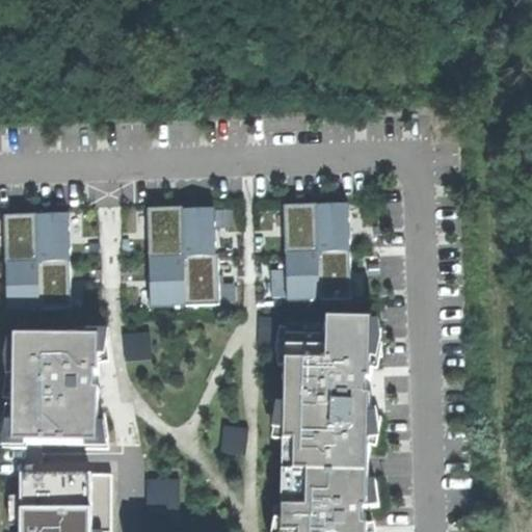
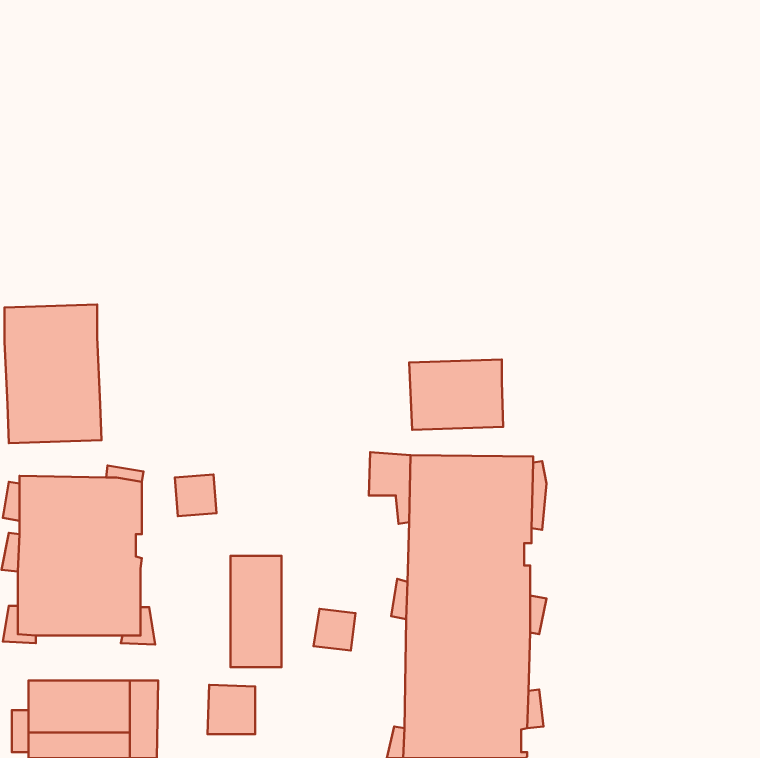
building: [283,203,349,252] -> none
building: [147,206,218,307] -> none
building: none -> [231,556,281,667]

